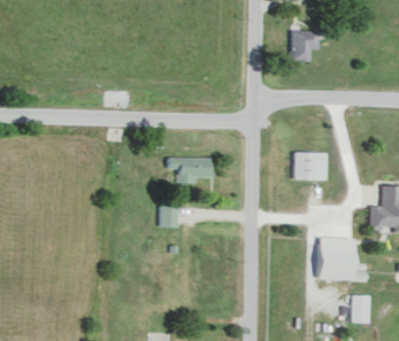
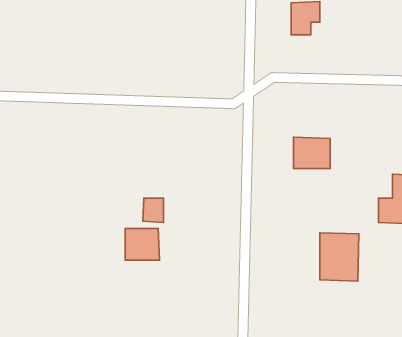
building: [170,157,212,182] -> none
building: none -> [125,229,159,260]
building: [352,295,370,323] -> none

